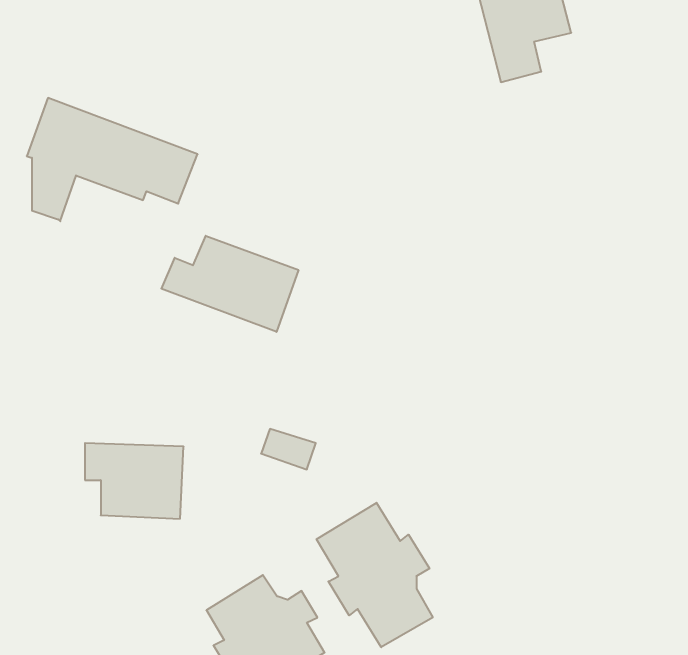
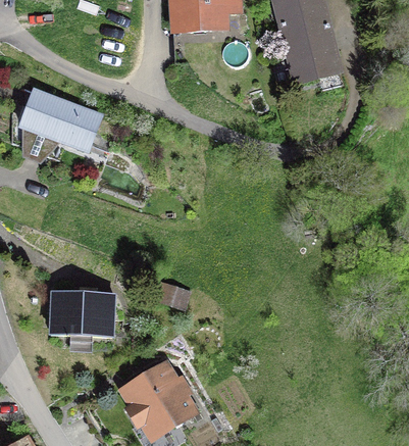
building: [161,236,298,332] -> none
building: [317,503,433,647] -> none

